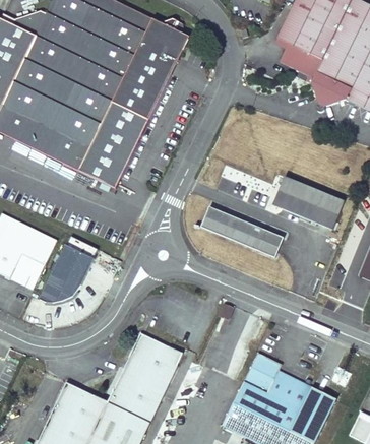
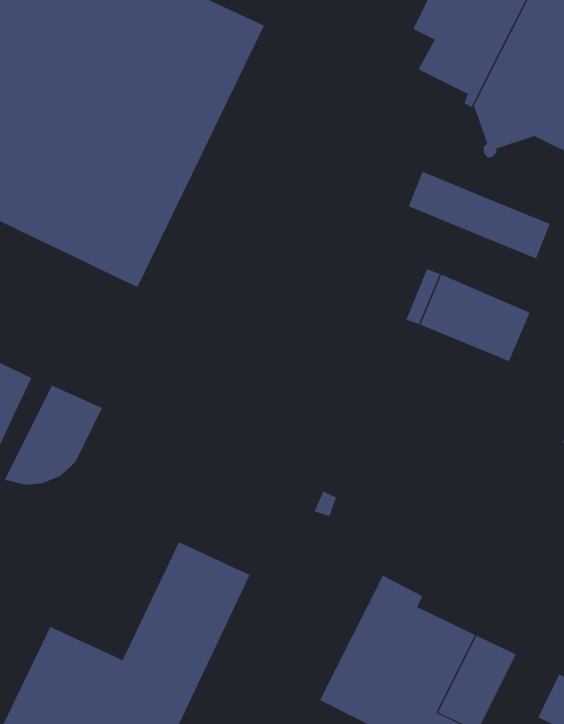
building: [200,206,283,257] -> [408,171,551,259]

